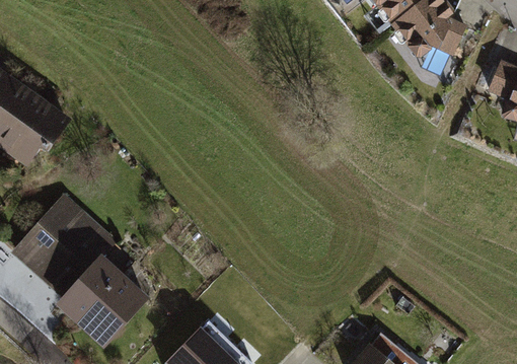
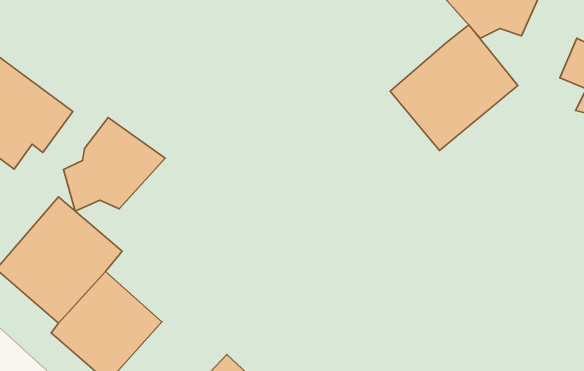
building: none -> [390,25,518,151]
building: none -> [63,118,165,211]

